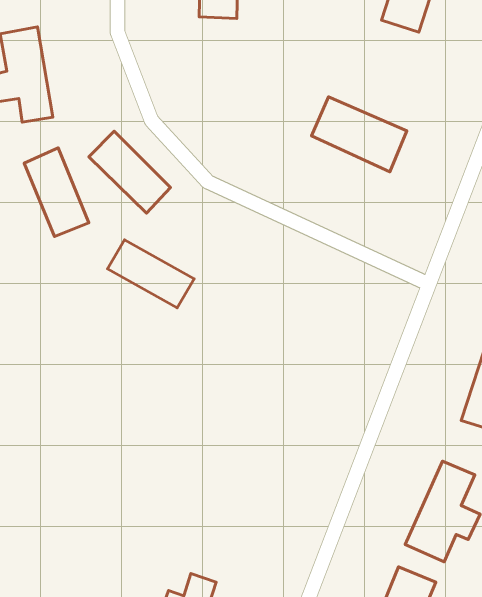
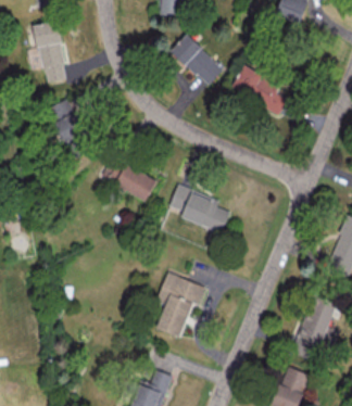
building: [89,131,170,213] -> [171,35,223,87]
building: none -> [168,185,229,233]
building: none -> [156,274,206,338]

